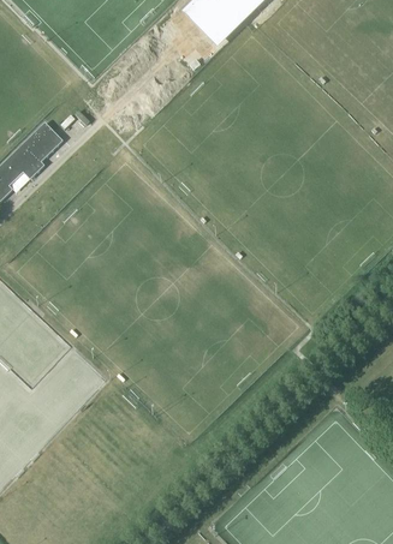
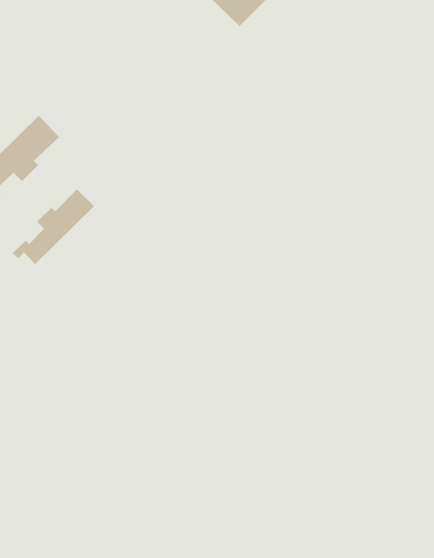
building: none -> [12,188,95,265]

